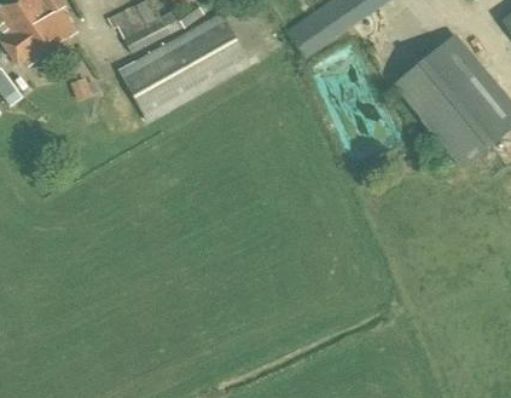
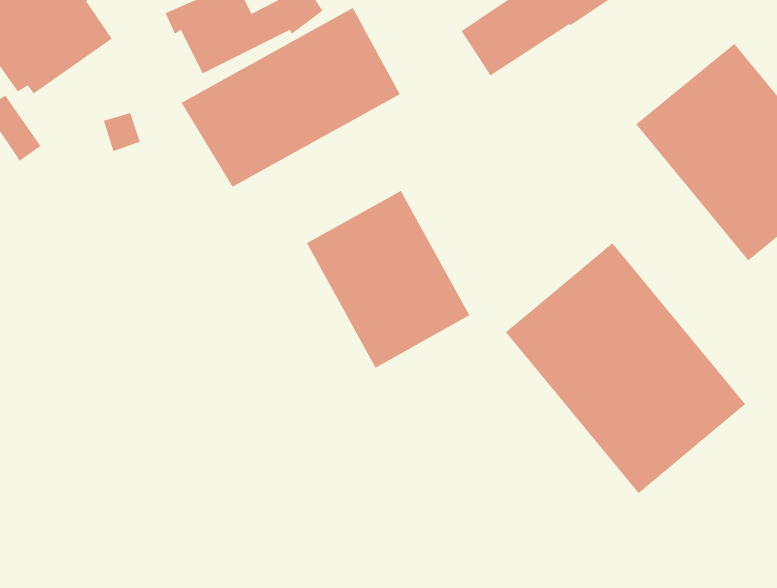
building: none -> [306,190,470,369]
building: none -> [505,242,746,494]

